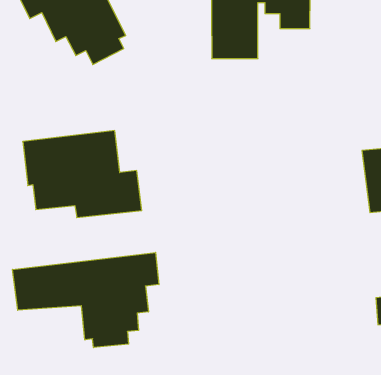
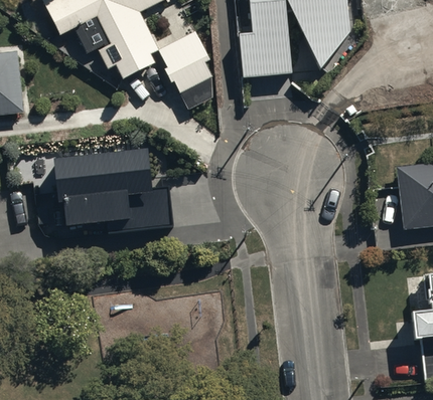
building: none -> [160,31,213,111]
building: [13,252,159,348] -> none

